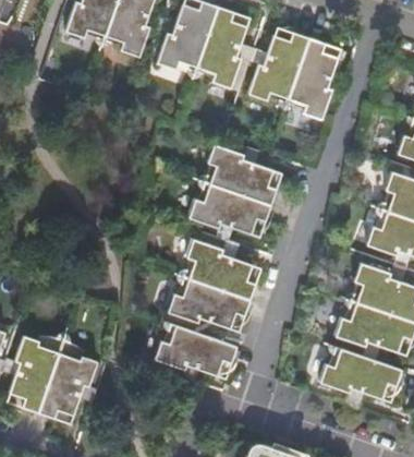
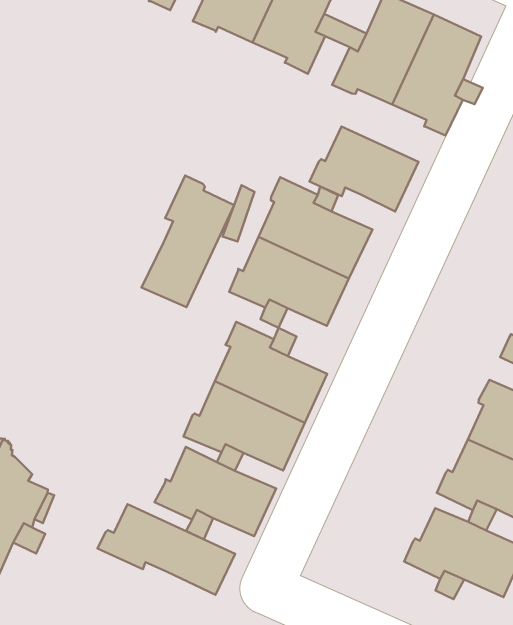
building: none -> [309,126,419,211]
building: none -> [141,175,234,307]
building: none -> [98,504,235,595]

